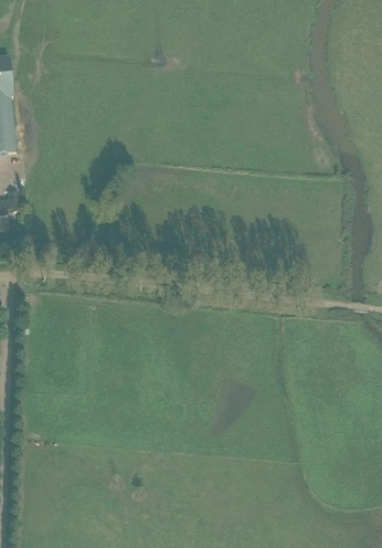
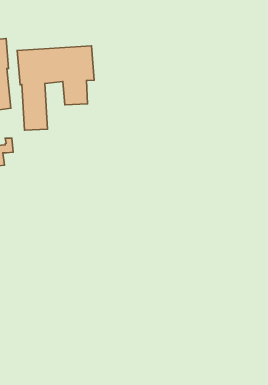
building: none -> [17,46,94,130]

